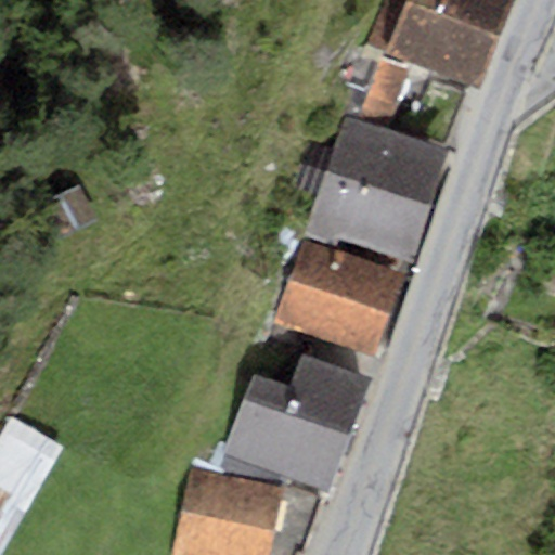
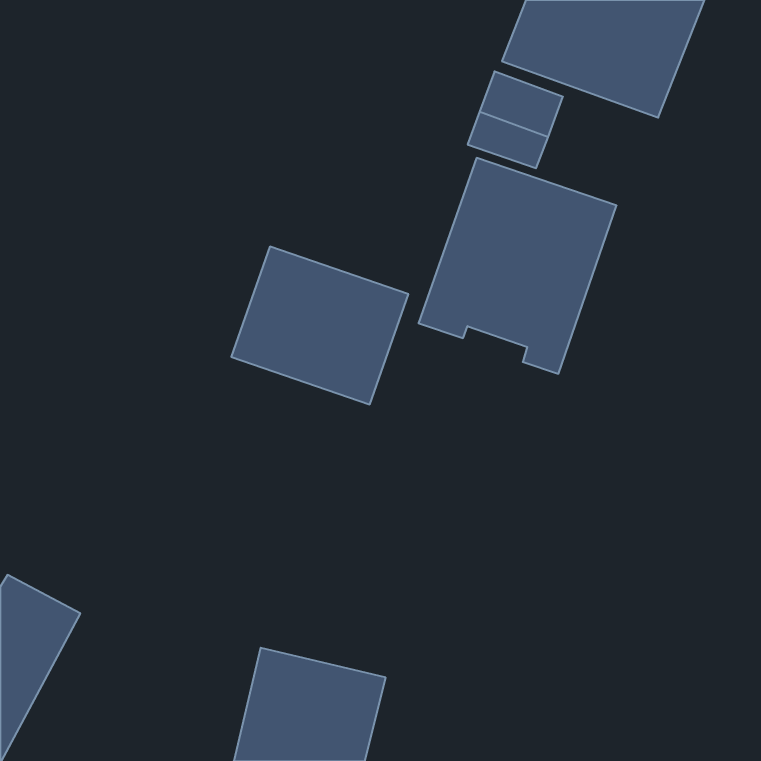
building: [275,241,404,356] -> [231,247,408,404]
building: [223,358,369,491] -> none

